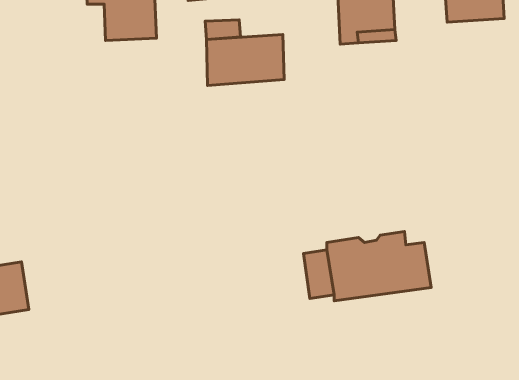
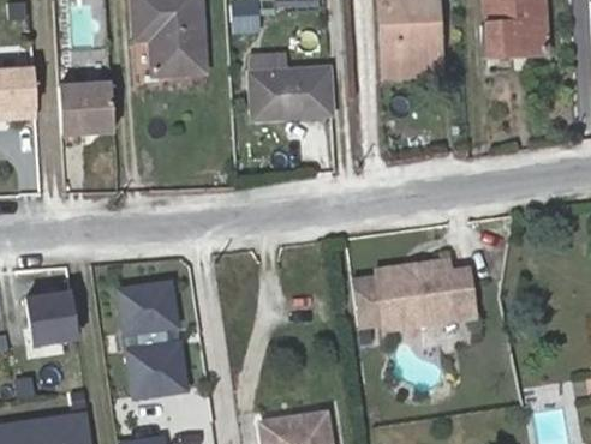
building: none -> [60,82,114,132]
building: none -> [120,283,186,397]

